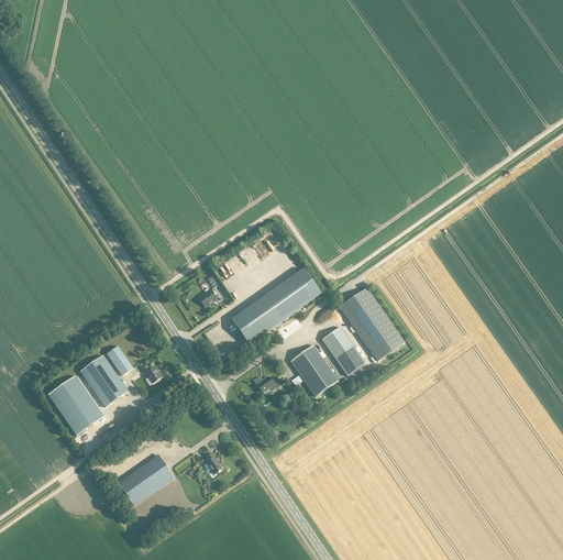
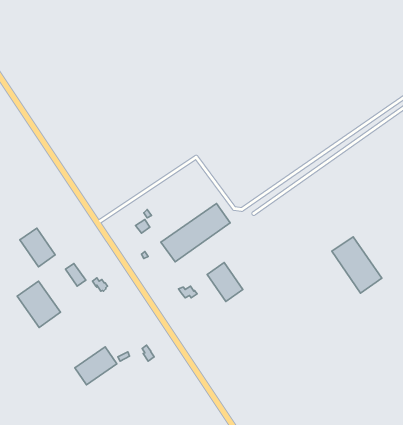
building: [340,287,405,361] -> [332,237,382,293]
building: [322,326,365,375] -> none
building: [81,355,128,406] -> [20,228,55,267]

